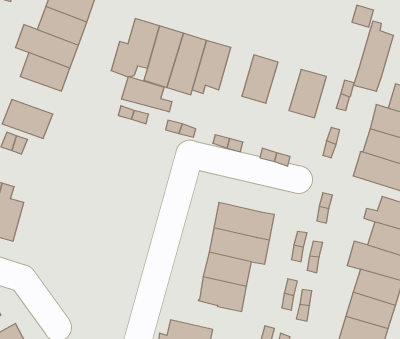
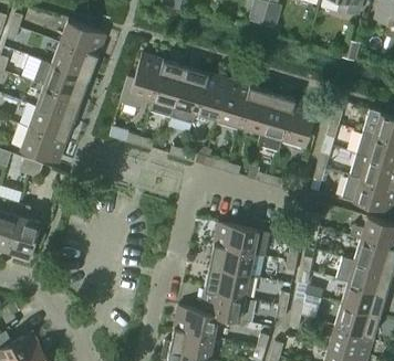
building: [354,21,394,91] -> [257,87,293,151]
building: none -> [218,81,250,125]
building: none -> [29,107,74,141]
building: [122,77,172,112] -> none
building: none -> [174,306,217,338]

